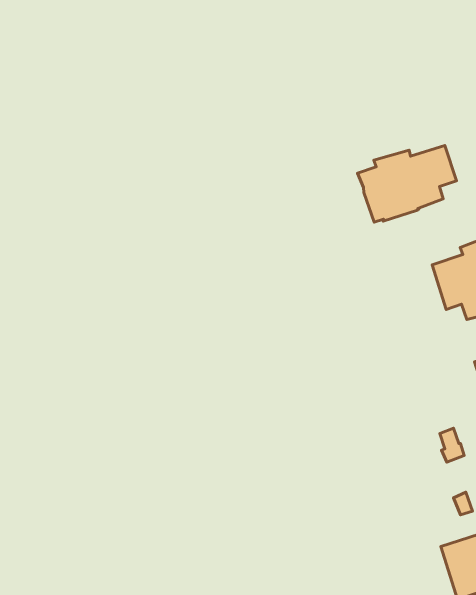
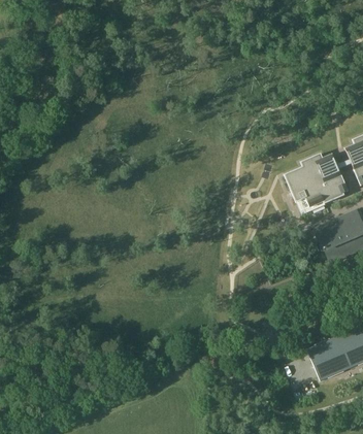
building: [358,145,456,222] -> none

